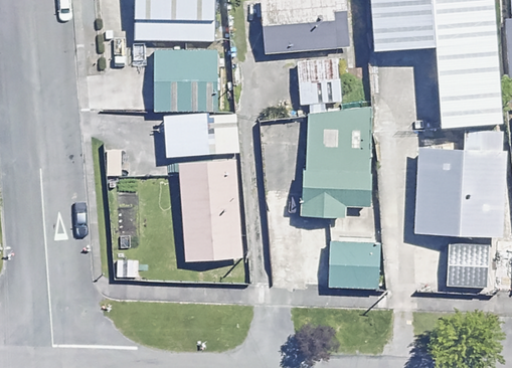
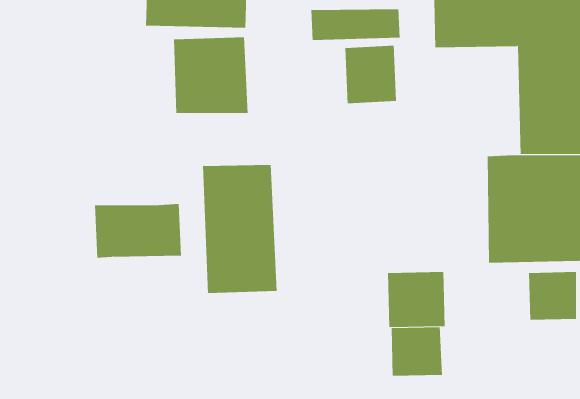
building: [308,111,372,218] -> none
building: [164,112,236,157] -> [94,203,182,258]
building: none -> [391,327,442,377]

